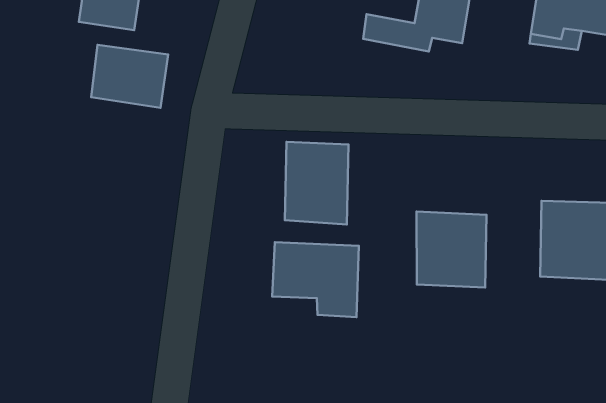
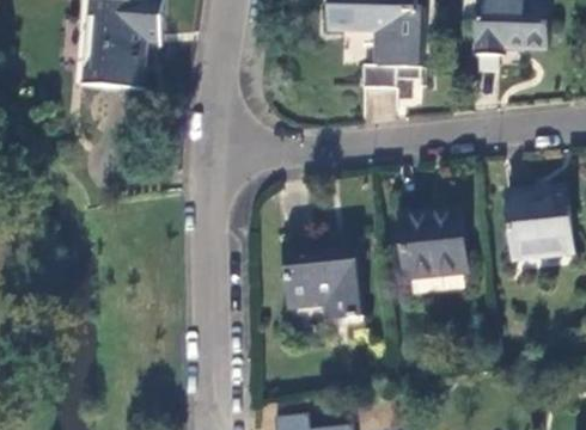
building: [91,45,168,108] -> none
building: [285,142,348,225] -> none

